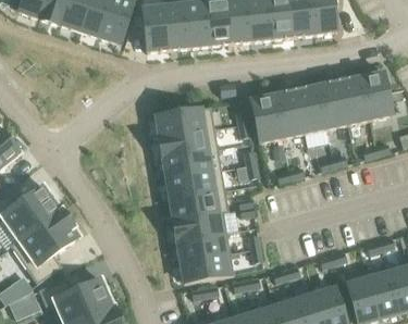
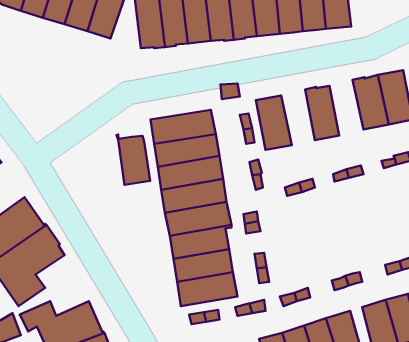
building: [317,78,347,128] -> none
building: [273,87,304,137] -> none
building: none -> [117,134,150,185]

